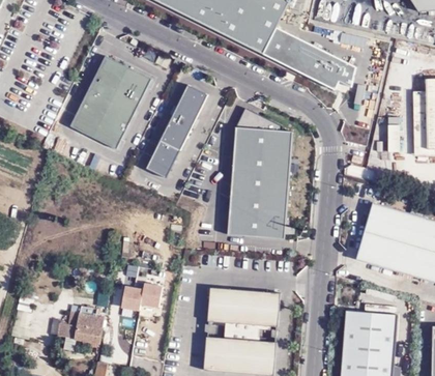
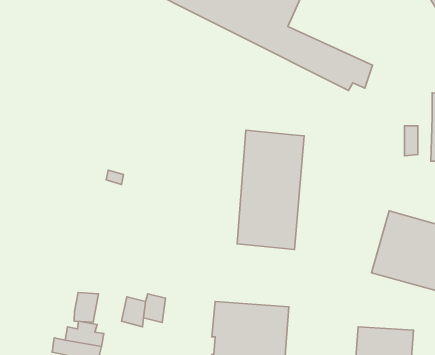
building: [71,56,153,149] -> none
building: [146,86,206,178] -> none
building: [237,107,282,131] -> none
building: none -> [74,292,98,322]

